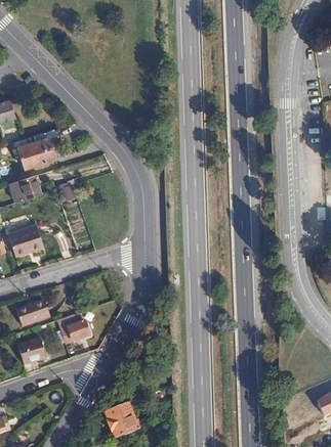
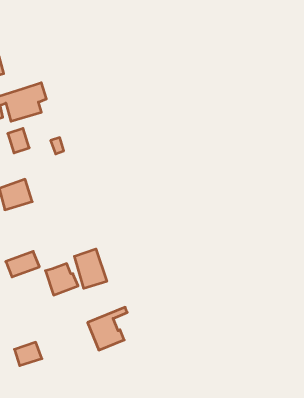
building: none -> [74,249,107,288]
building: [18,341,46,364] -> [14,342,42,366]
building: [104,395,143,438] -> [88,307,127,350]

